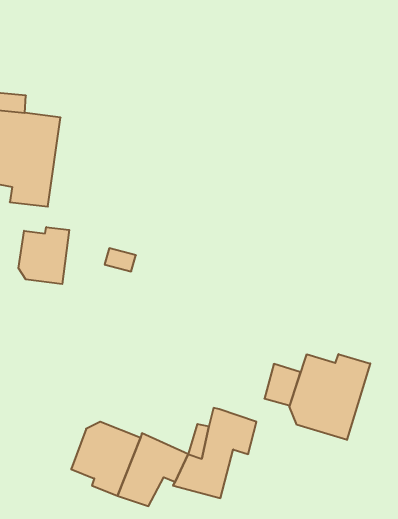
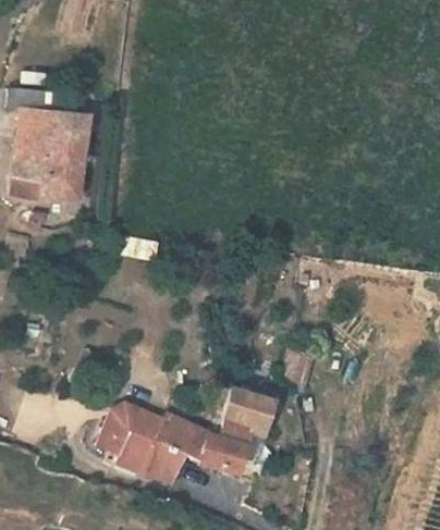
building: [18,227,69,284] -> none
building: [289,354,370,440] -> none

